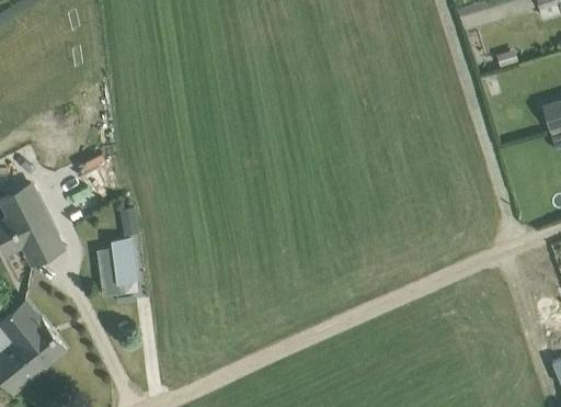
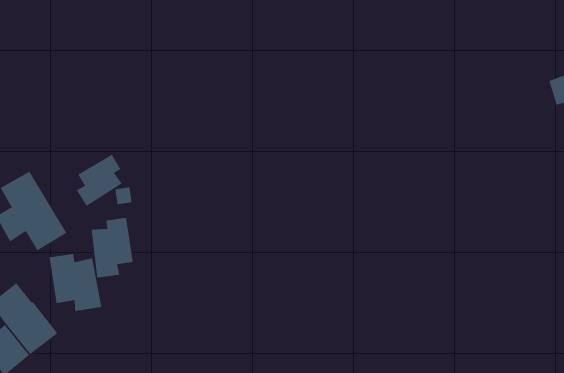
building: none -> [76,154,123,207]
building: none -> [49,253,102,312]

